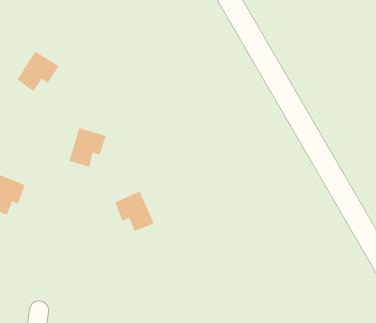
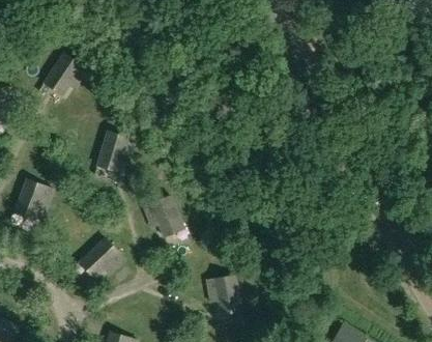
building: none -> [78,238,124,279]
building: none -> [206,276,240,315]

